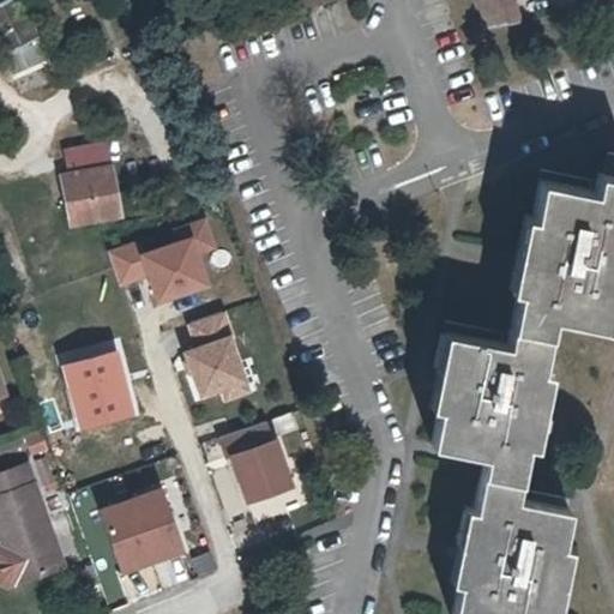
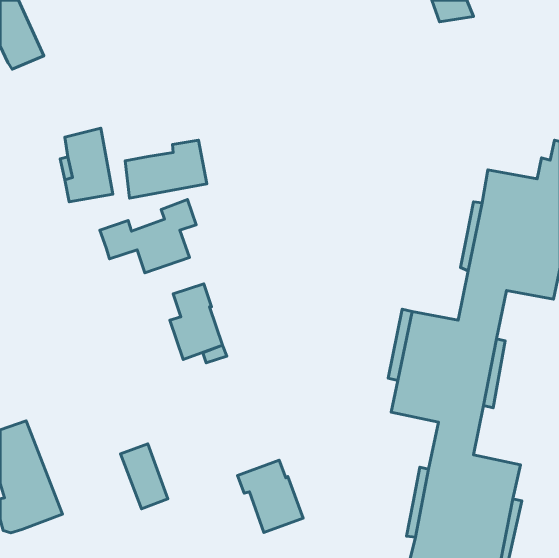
building: none -> [125,140,207,198]
building: [68,355,131,425] -> none
building: [222,422,294,501] -> [238,460,303,532]
building: [104,499,156,570] -> none

